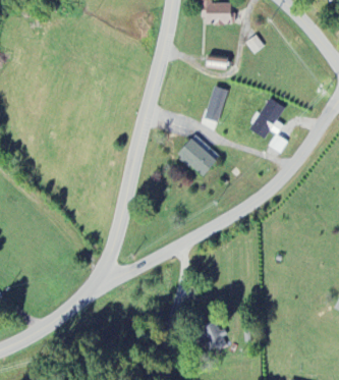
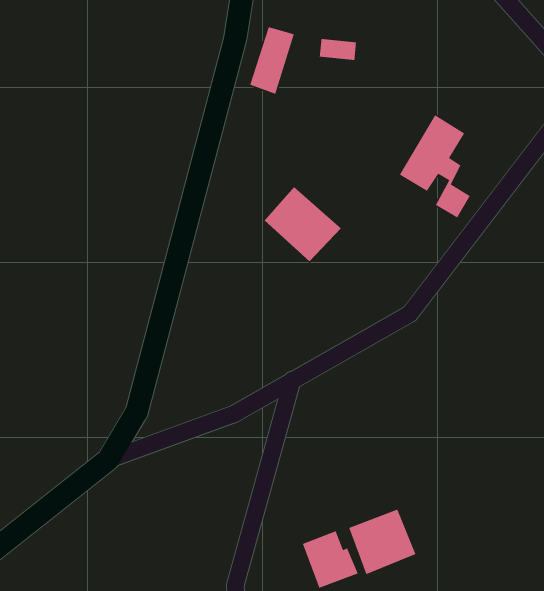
building: [204,86,228,122] -> [249,26,295,95]
building: none -> [348,509,416,575]

